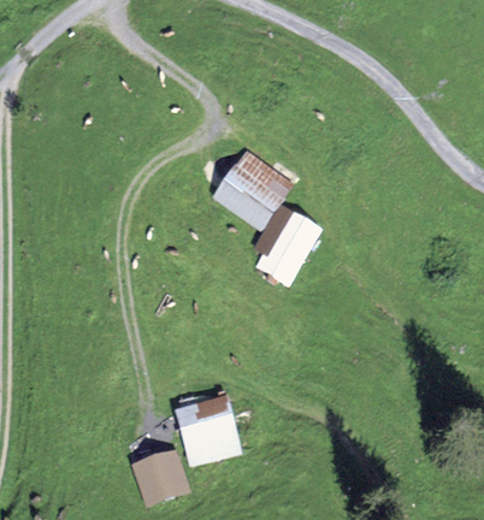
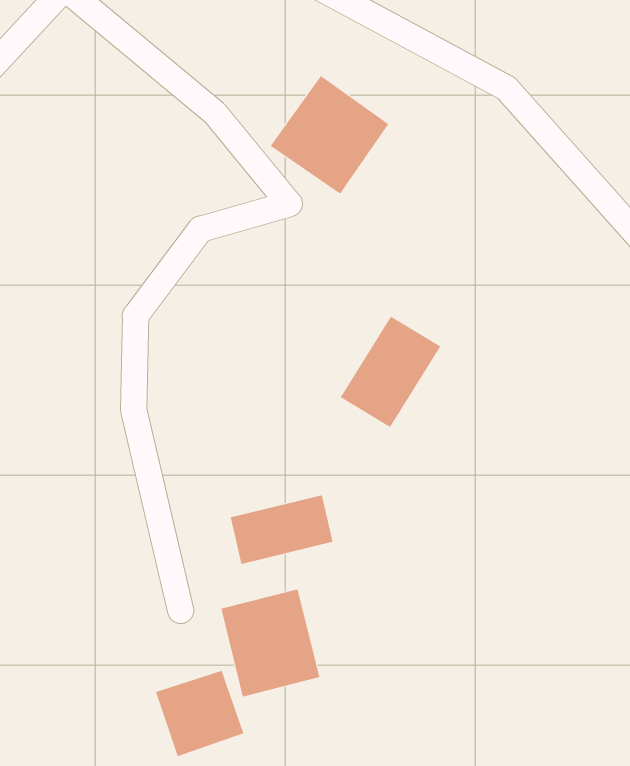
building: [212,150,291,230] -> [270,75,389,195]
building: none -> [230,494,333,565]

